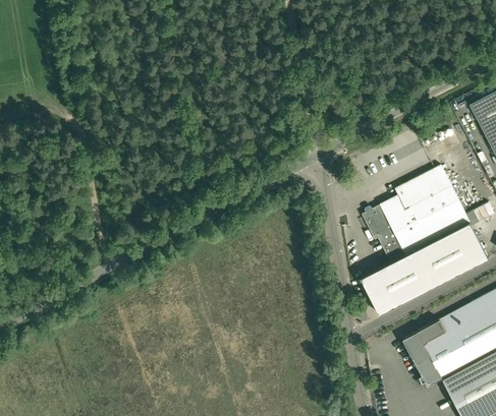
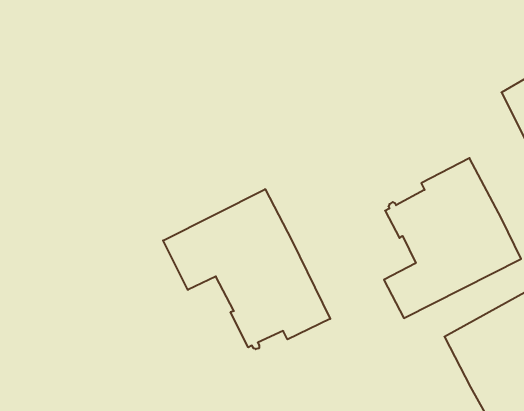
building: none -> [163,189,330,349]
building: [403,332,442,387] -> none

